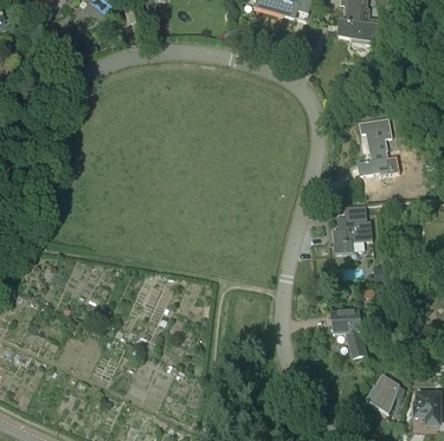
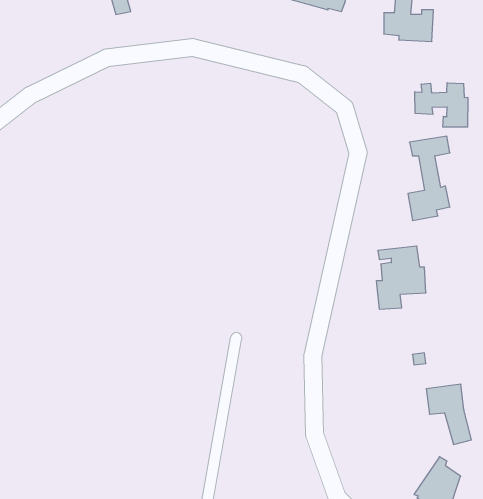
building: none -> [415,83,468,127]
building: [332,310,367,357] -> [426,384,471,444]

